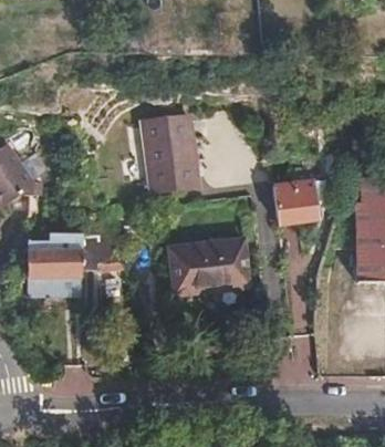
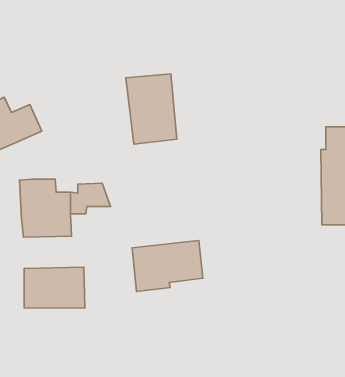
building: [274,180,322,224] -> none
building: [170,239,247,294] -> [132,241,203,292]
building: none -> [24,267,85,308]

